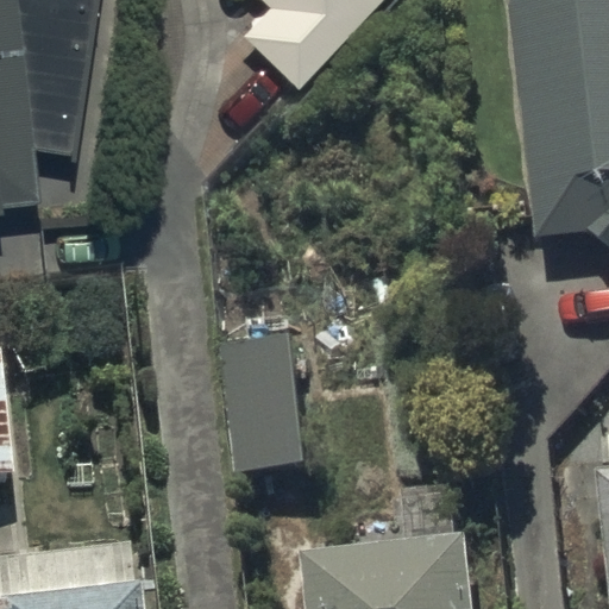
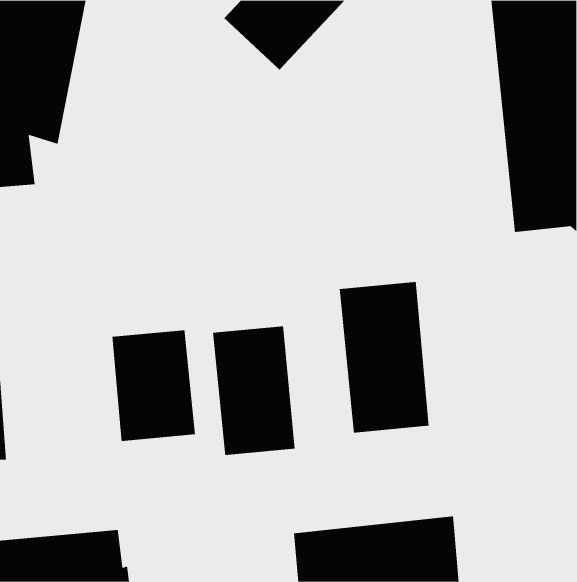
building: none -> [339,281,429,433]
building: none -> [112,329,195,442]

